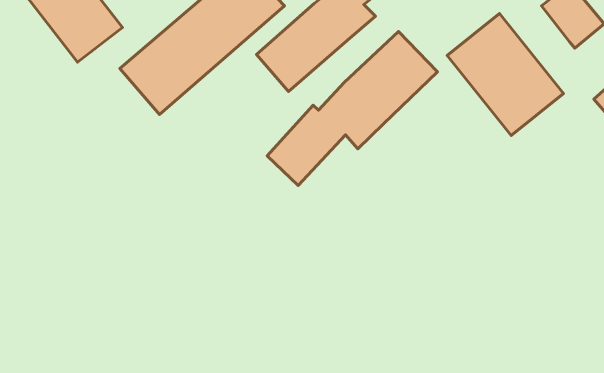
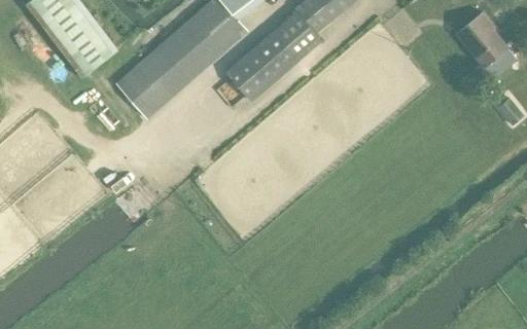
building: [447,13,563,135] -> none
building: [267,32,437,185] -> none

